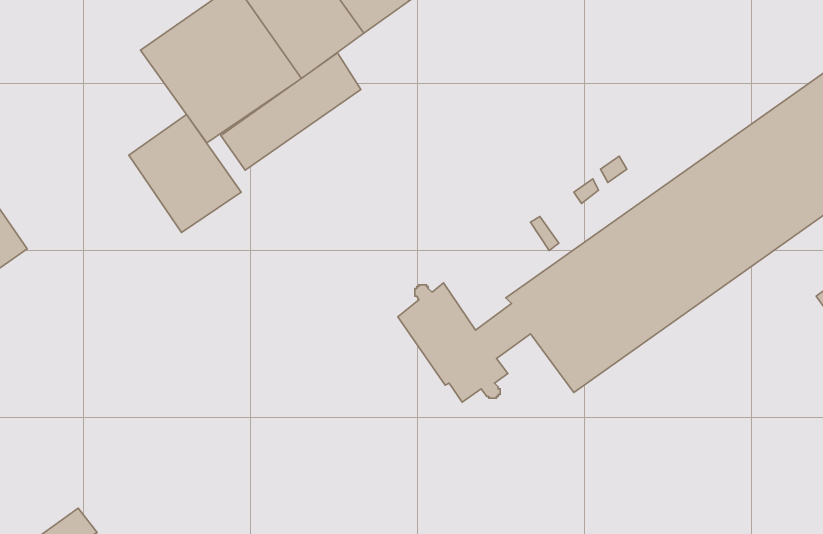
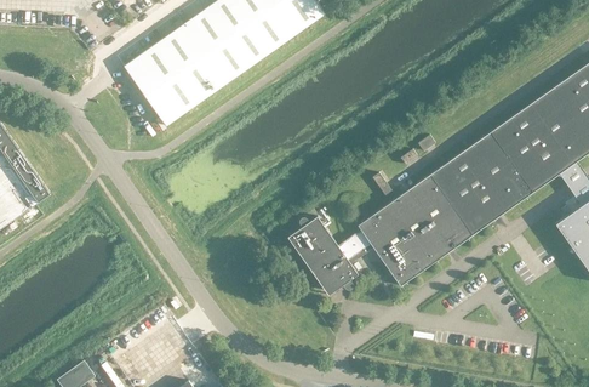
building: [221,53,361,170] -> none
building: [129,114,241,232] -> none

